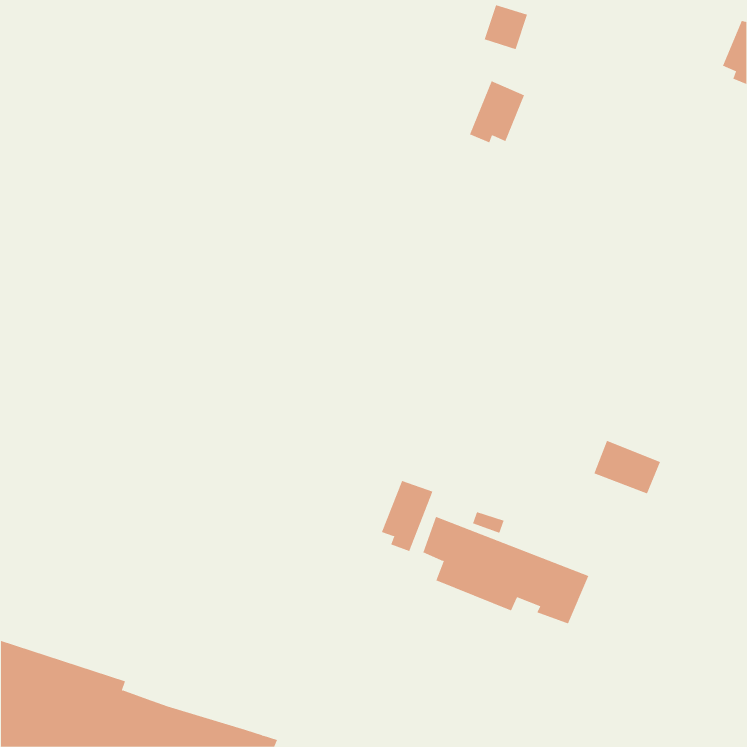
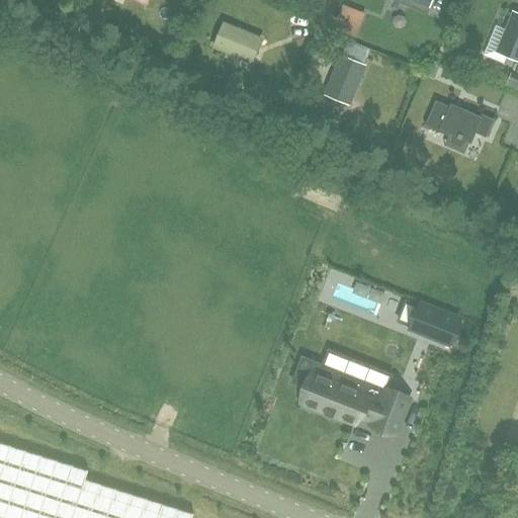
building: none -> [213,23,260,61]
building: none -> [428,102,494,141]
building: [381,480,433,552] -> none

